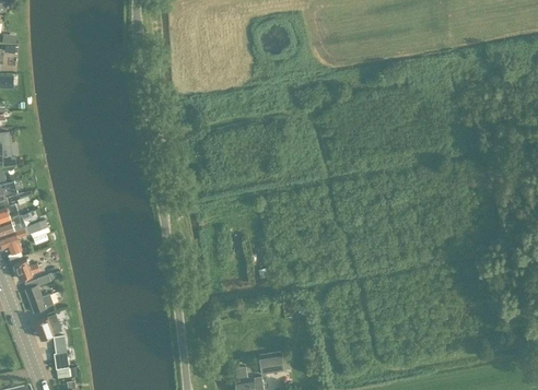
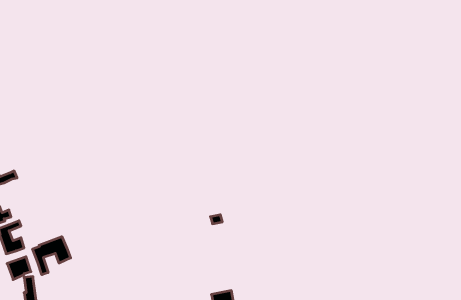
building: none -> [33,237,71,275]

